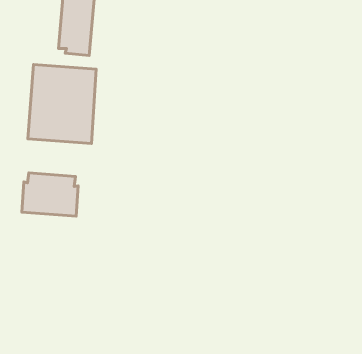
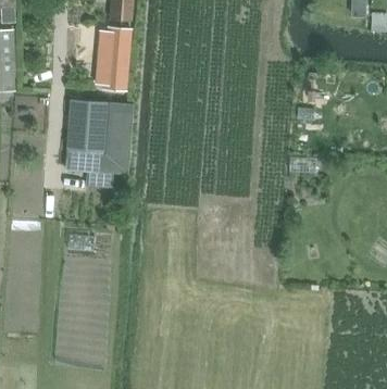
building: [22,173,78,216] -> none

